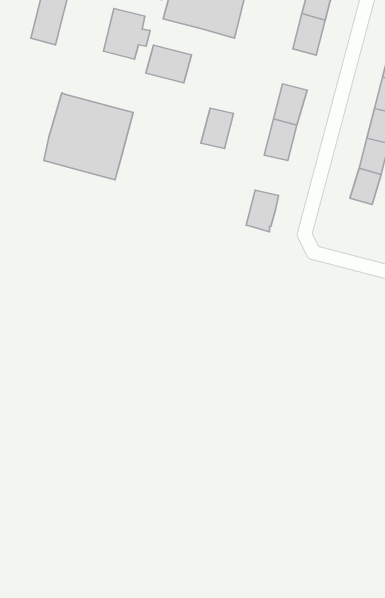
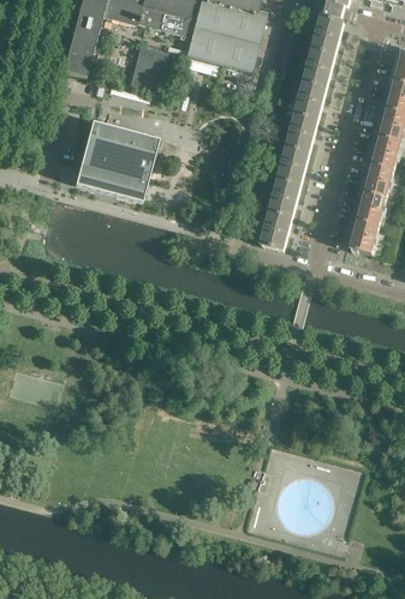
building: [146,45,192,83] -> none
building: none -> [296,79,327,118]
building: [201,108,233,148] -> [270,178,300,215]
building: none -> [351,217,379,252]

